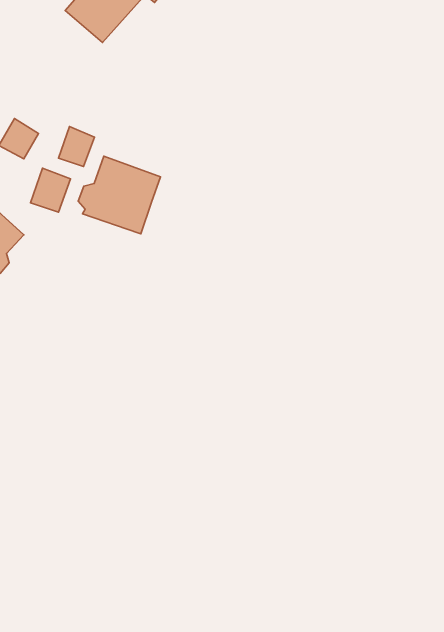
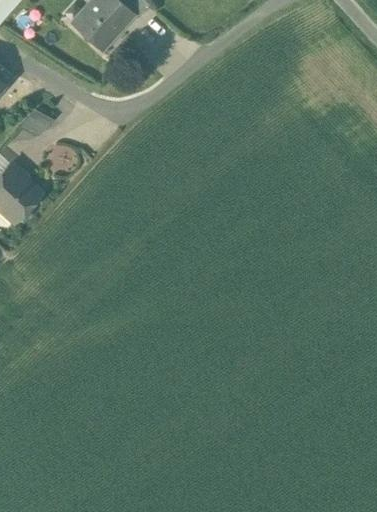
building: [59,127,94,167] -> none
building: [78,156,161,234] -> none

